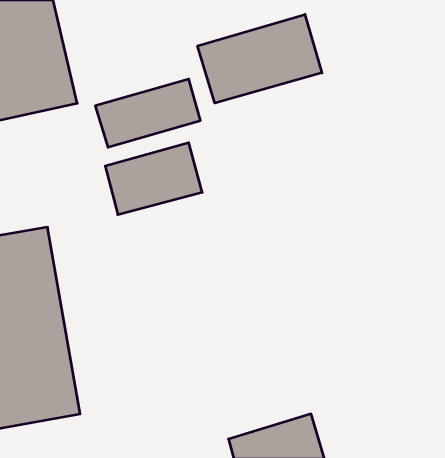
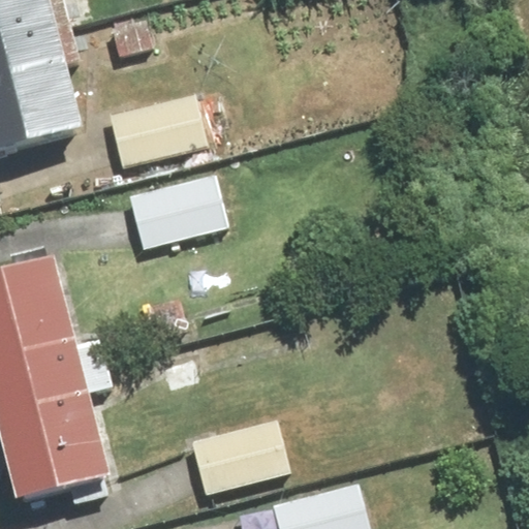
building: [198,14,322,103] -> none
building: none -> [181,425,302,505]

